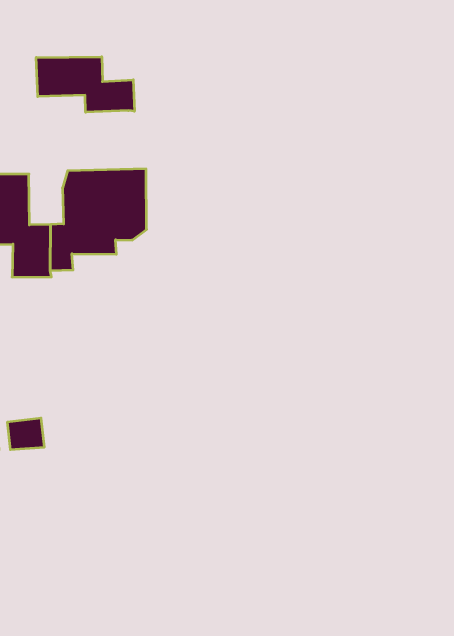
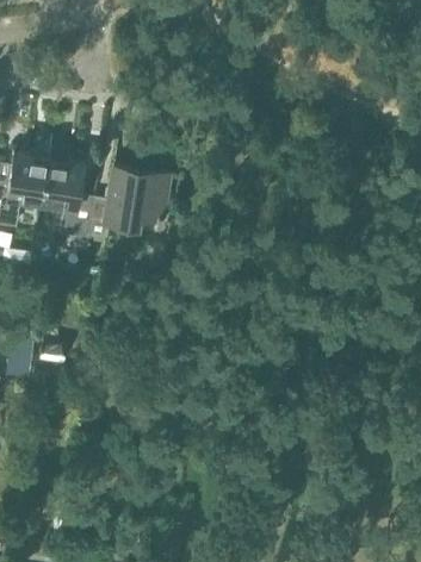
building: [36,57,134,112] -> none

